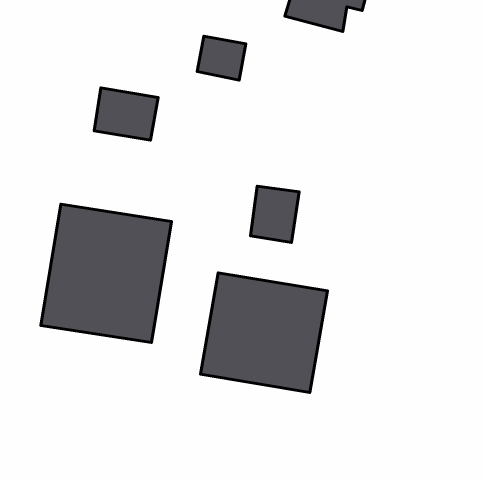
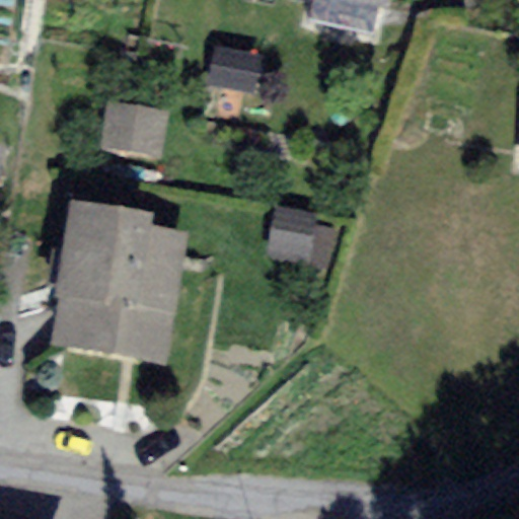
building: [201,273,327,392] -> none

